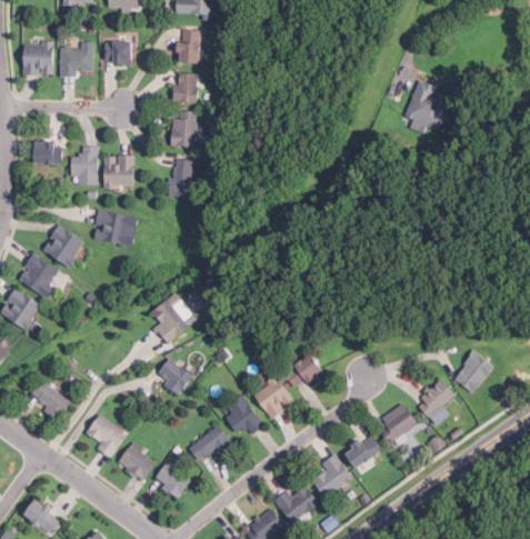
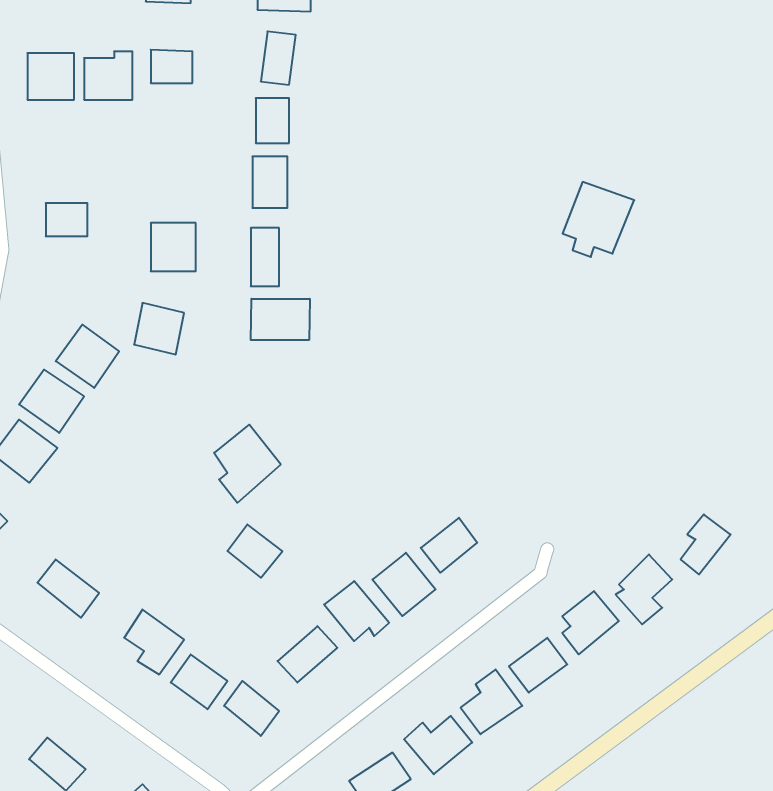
building: [403,82,451,132] -> [563,182,634,257]
building: [71,147,97,186] -> none
building: none -> [251,299,310,340]

